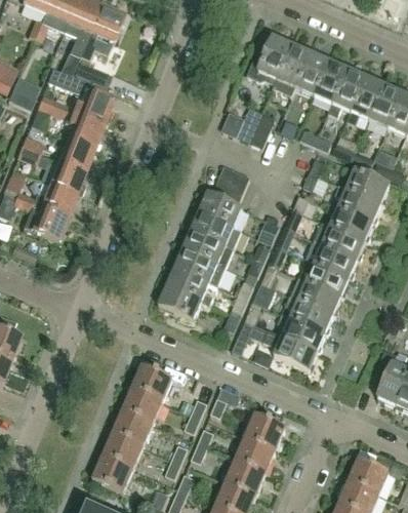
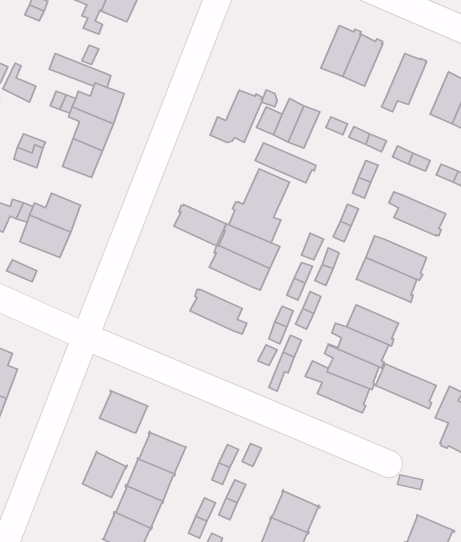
building: [248,36,292,80] -> [210,90,262,142]
building: [314,60,348,104] -> none
building: [346,75,384,124] -> none
building: none -> [255,143,316,183]
building: [49,163,83,196] -> none
building: [346,168,391,203] -> none
building: [330,206,374,241] -> none
building: [174,248,218,283] -> [174,204,226,246]
building: [299,259,351,297] -> [376,364,436,409]
building: [158,285,202,320] -> none
building: [132,364,173,400] -> [99,390,148,433]
building: none -> [83,452,127,498]
building: [245,413,286,450] -> none

